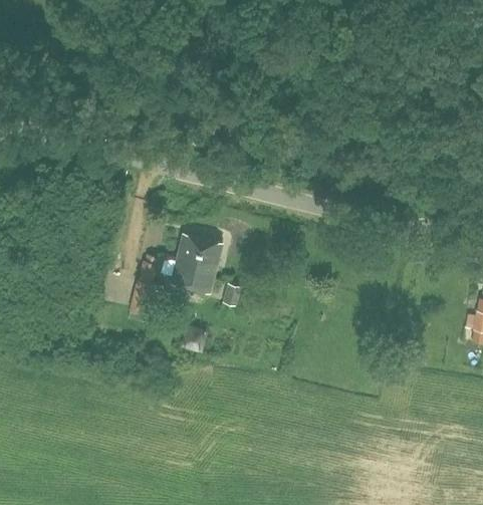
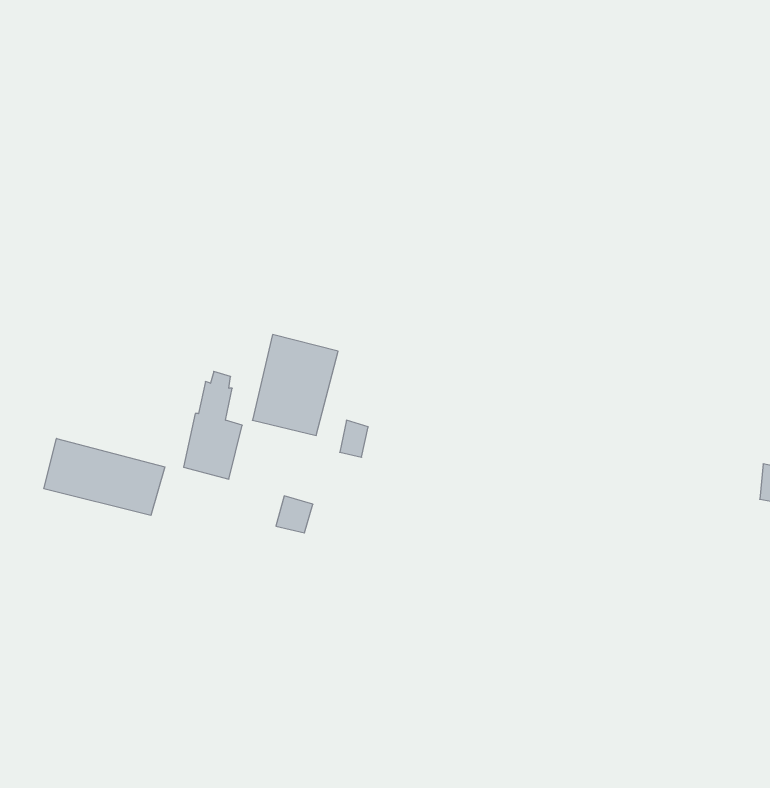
building: none -> [44,438,165,515]

